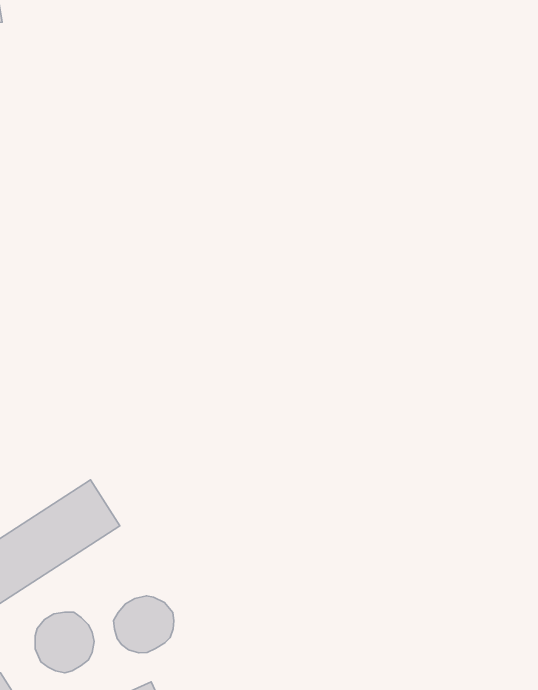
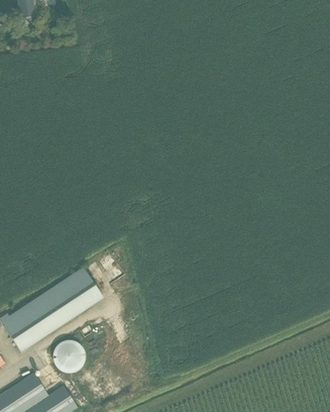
building: [114,596,174,653] -> none

